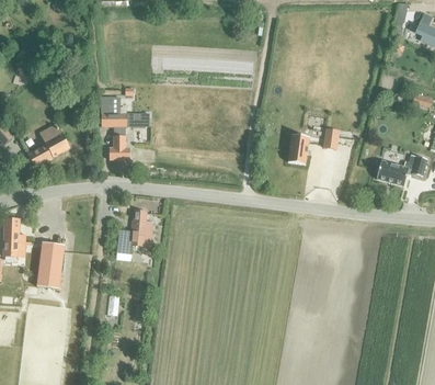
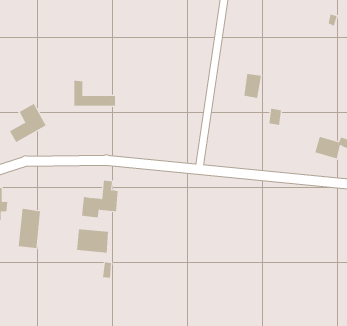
building: [107,125,128,159] -> none
building: [287,134,308,162] -> [244,74,262,99]
building: none -> [76,228,108,253]

